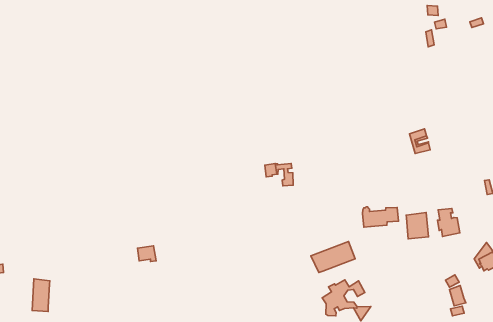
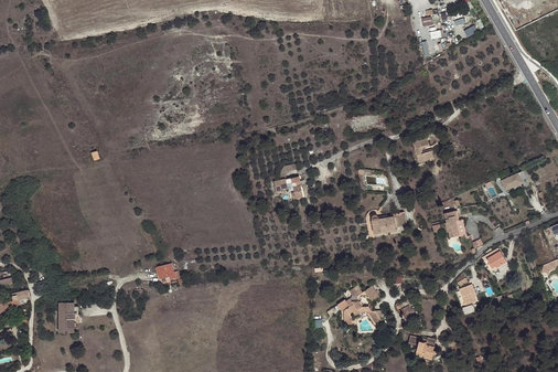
building: [406,212,428,239] -> none
building: [311,241,355,273] -> none

